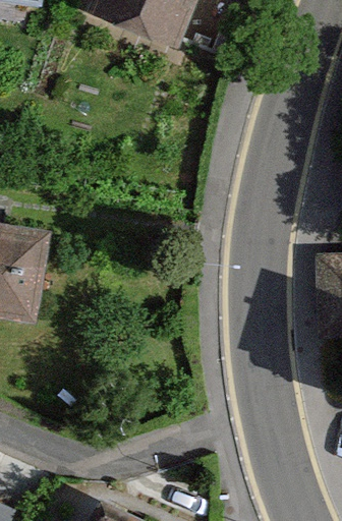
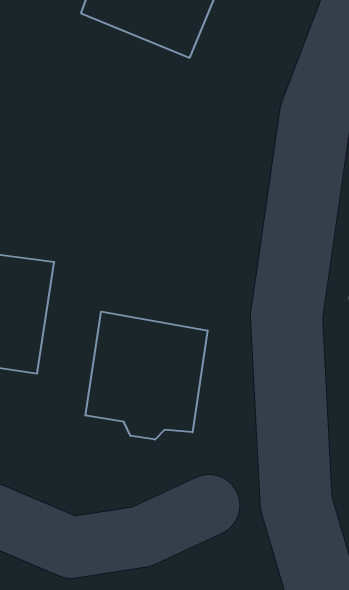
building: none -> [85,312,208,440]

